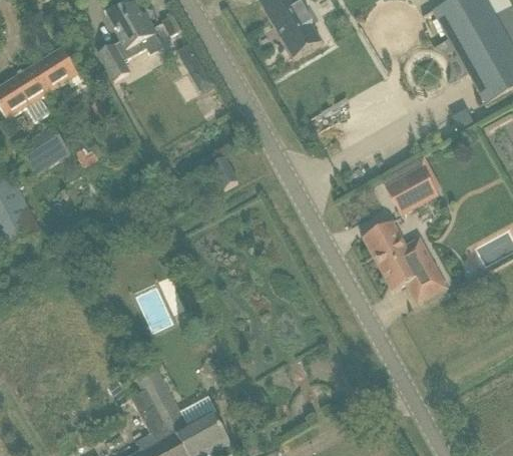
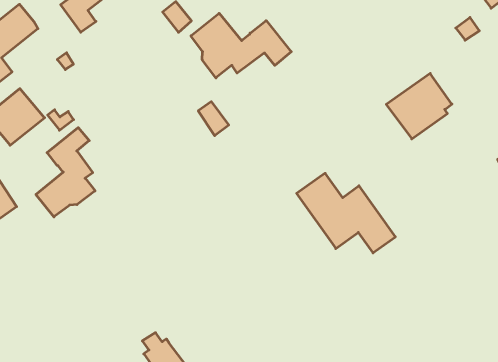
building: none -> [191,13,291,78]
building: none -> [36,128,95,217]
building: [363,219,447,297] -> [297,173,395,253]

